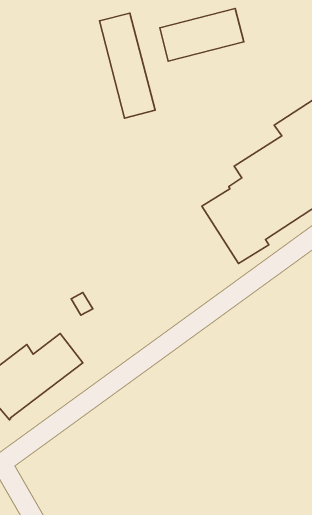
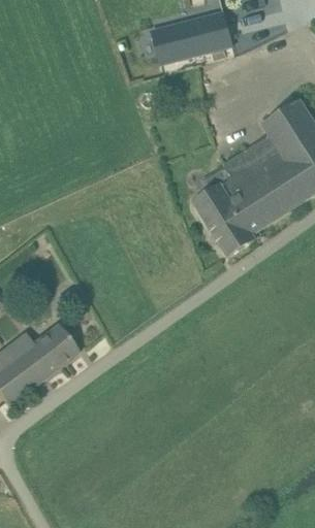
building: [99,13,155,118] -> none

